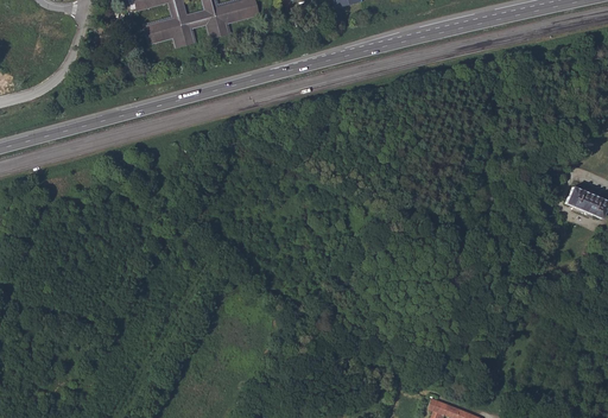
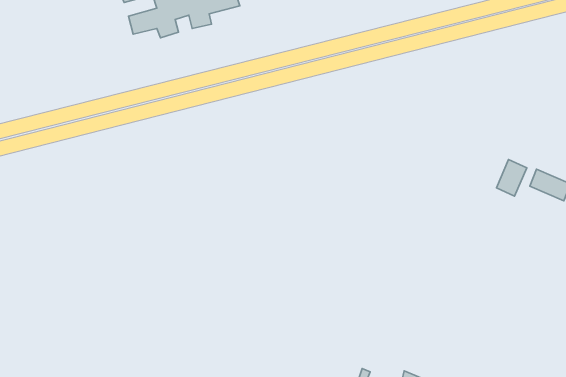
building: none -> [496,159,527,196]

